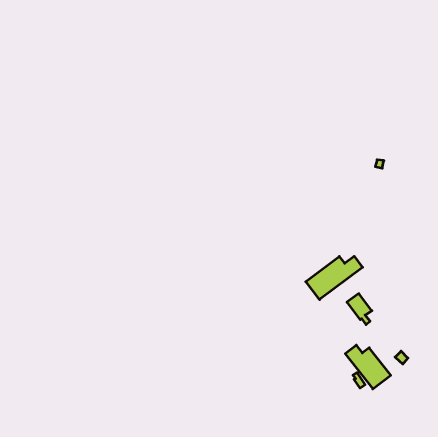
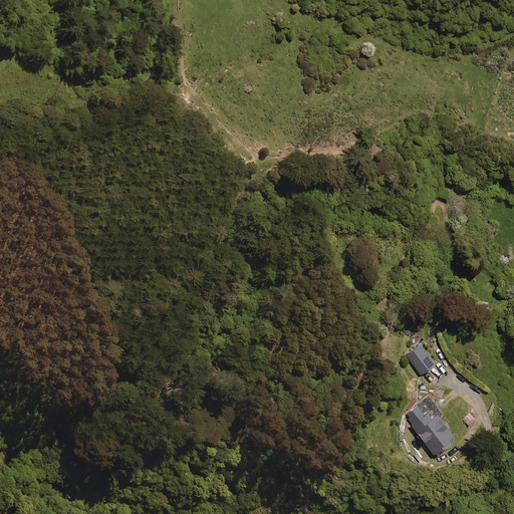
building: [306,256,363,300] -> none

